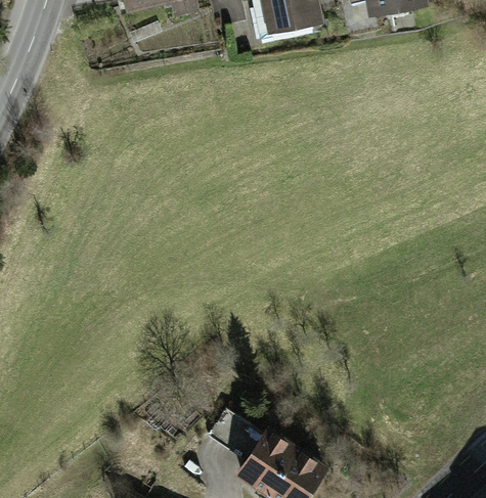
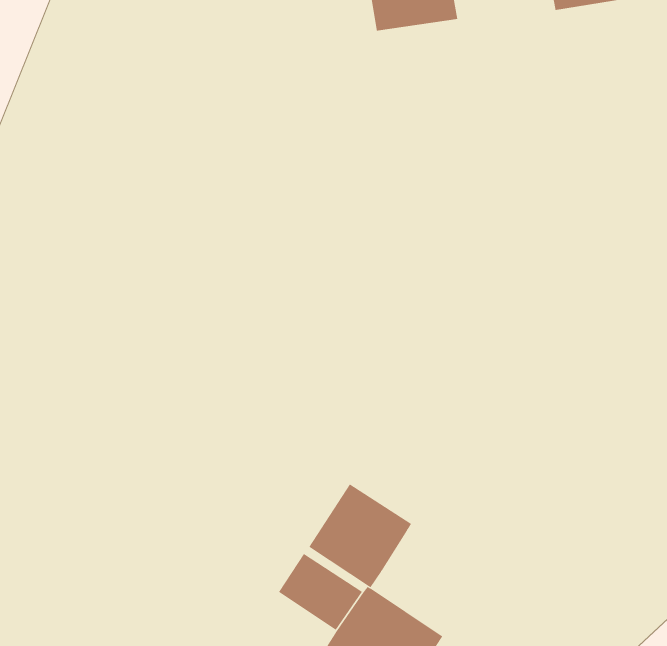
building: none -> [308,484,412,588]

